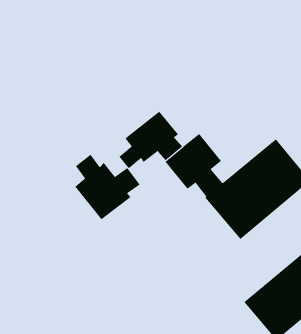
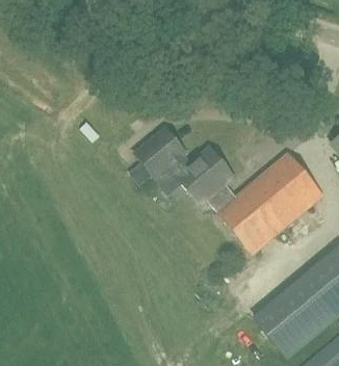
building: [75,154,140,220] -> none

